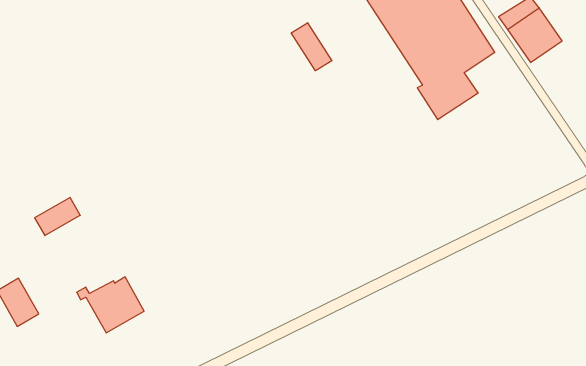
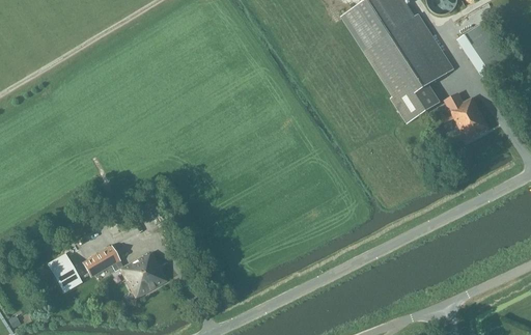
building: [291,23,332,71] -> none
building: none -> [445,92,488,140]
building: [35,197,80,236] -> [82,246,119,277]

